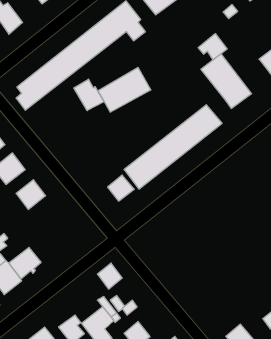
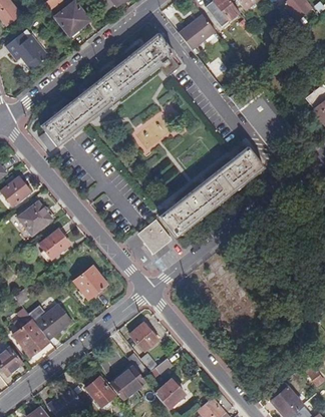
building: [198,34,227,60] -> none
building: [74,79,104,111] -> none
building: none -> [71,268,104,301]

